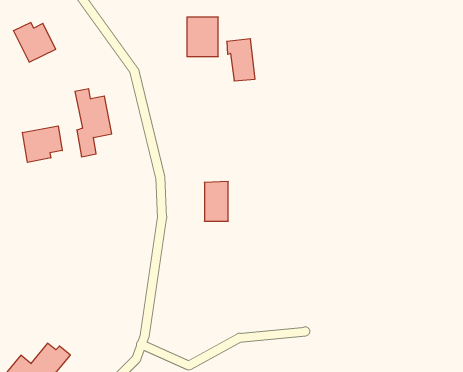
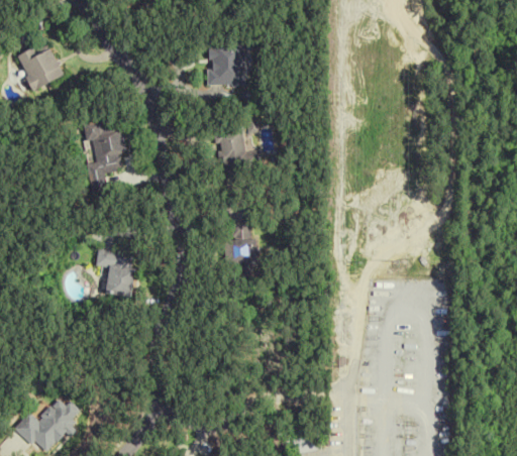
building: [227,39,255,81] -> [215,126,246,173]
building: [22,126,62,162] -> none
building: none -> [96,249,136,298]

